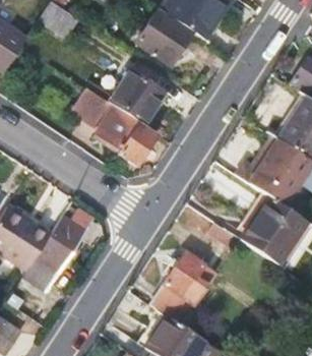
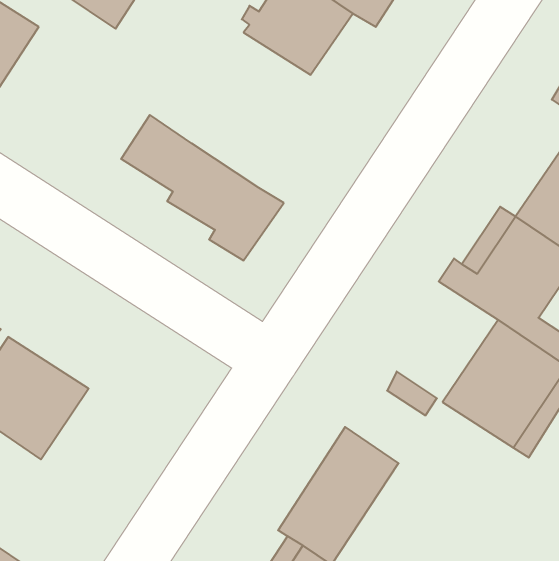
building: [107,71,163,125] -> none
building: [24,205,93,288] -> none

